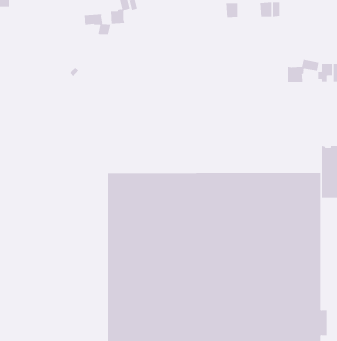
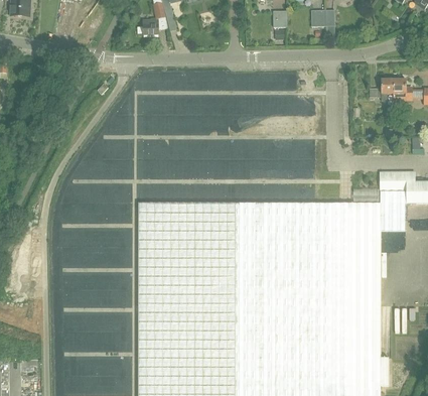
building: [84,14,111,35] -> none
building: [287,59,319,83] -> none

